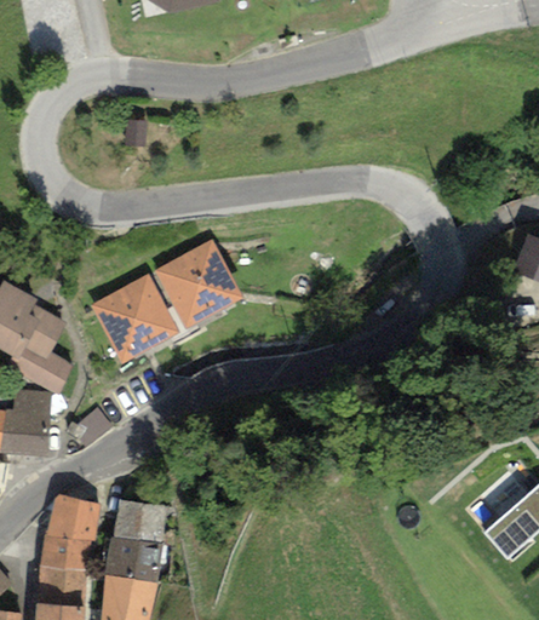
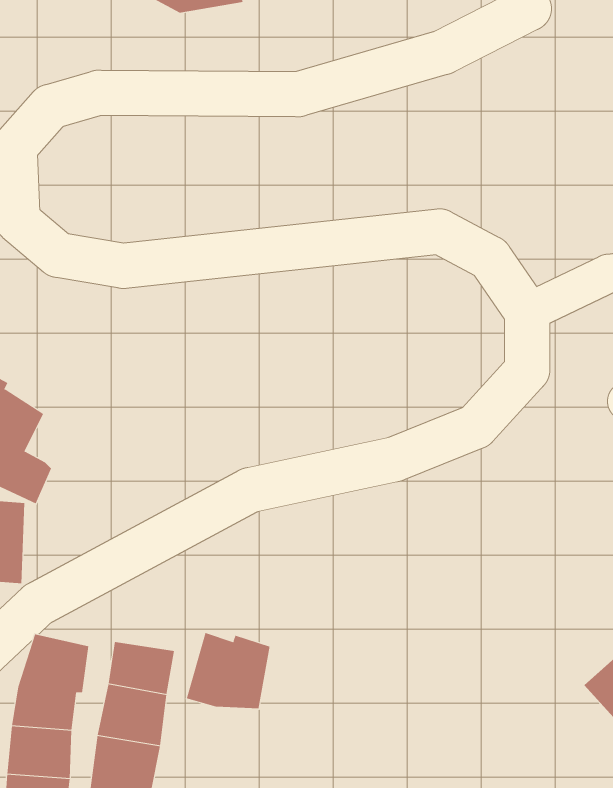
building: [154,240,243,331] -> none
building: [90,275,178,363] -> none
building: none -> [186,632,270,709]

